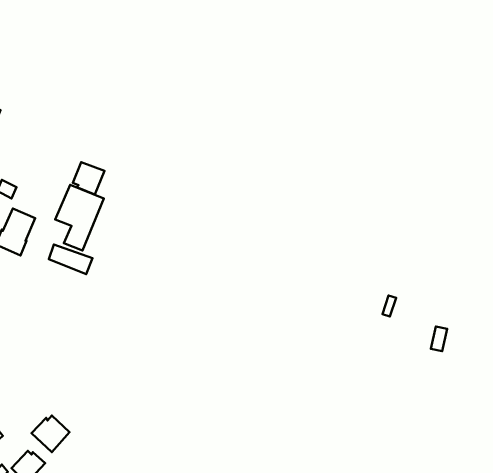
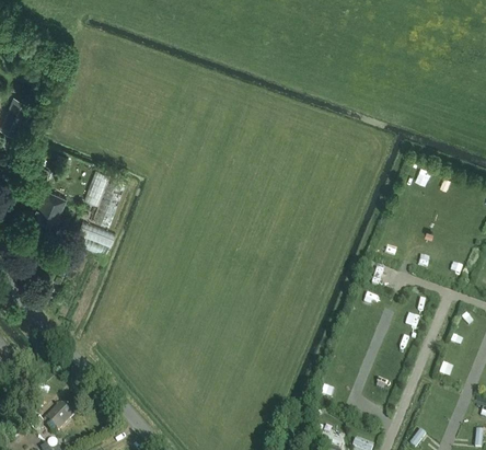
building: [73,162,104,195] -> none
building: [31,416,69,452] -> none

